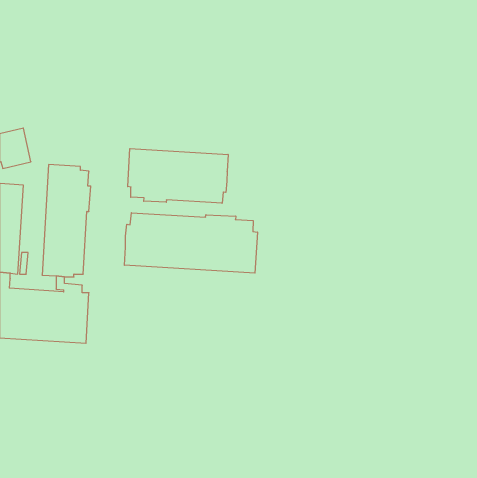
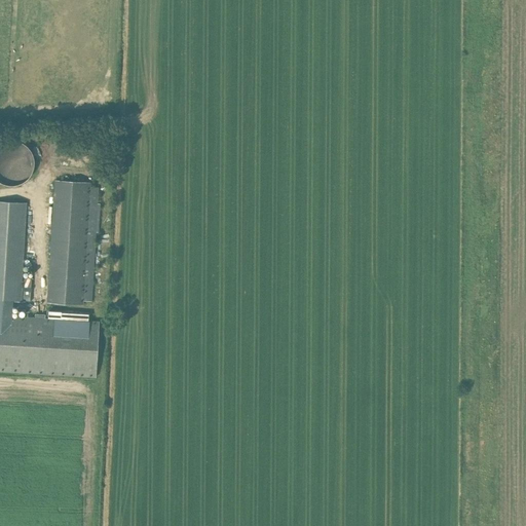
building: [128,149,228,203] -> none
building: [124,213,257,273] -> none

